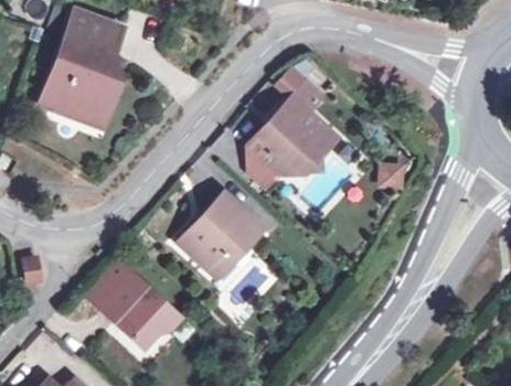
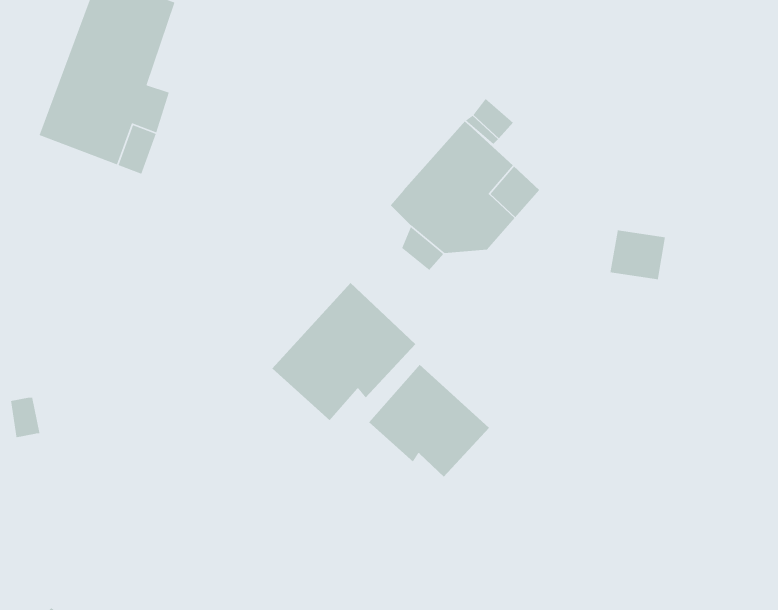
building: none -> [368,364,490,478]
building: [88,261,181,349] -> none

